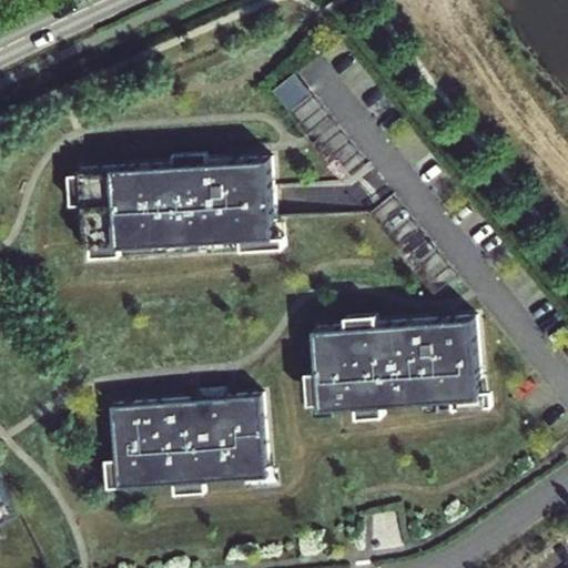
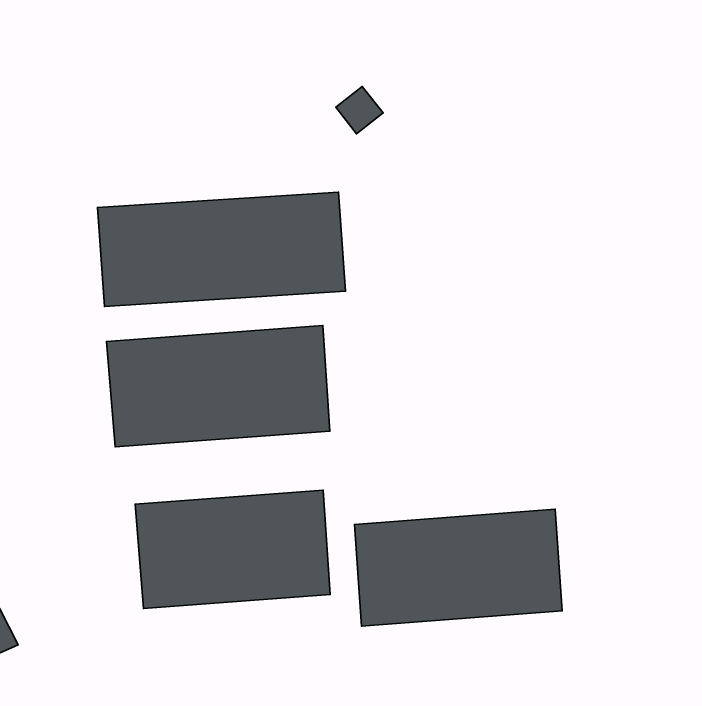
building: none -> [107,326,330,447]
building: [312,317,477,410] -> [355,509,562,626]

